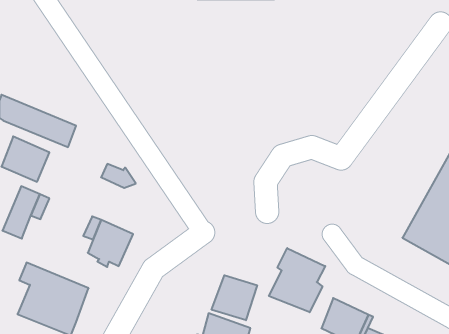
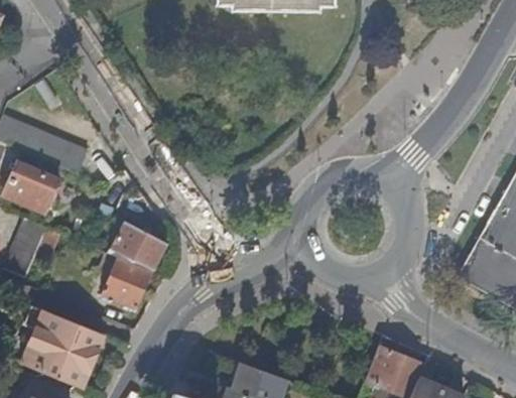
building: none -> [111,222,167,272]
building: [269,248,325,312] -> none
building: [212,275,257,320] -> none

